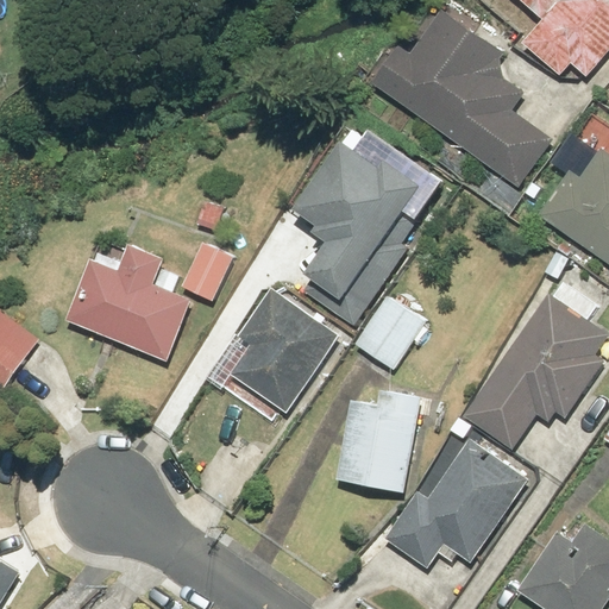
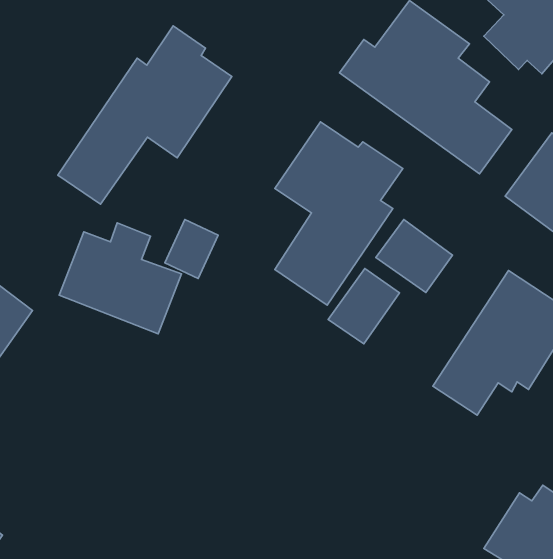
building: none -> [58,26,232,204]
building: none -> [376,220,452,293]
building: [232,290,337,415] -> none
building: [341,390,417,491] -> none
building: [383,435,528,567] -> none

